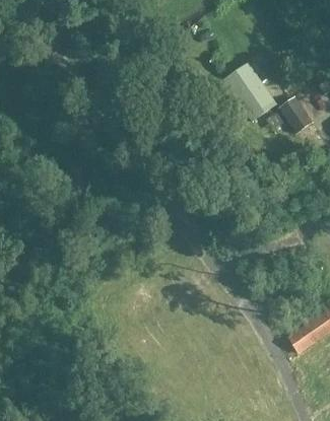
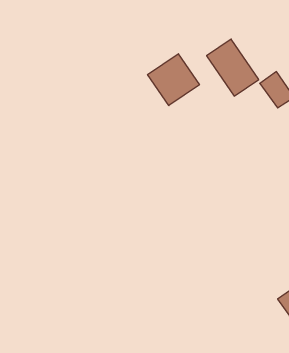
building: none -> [148,54,199,106]

